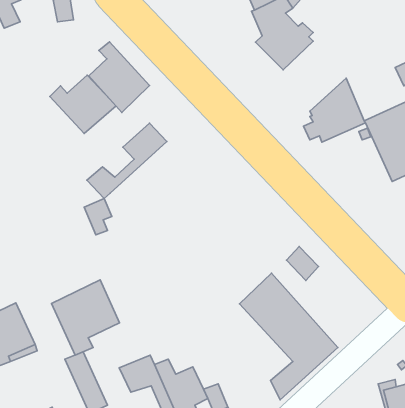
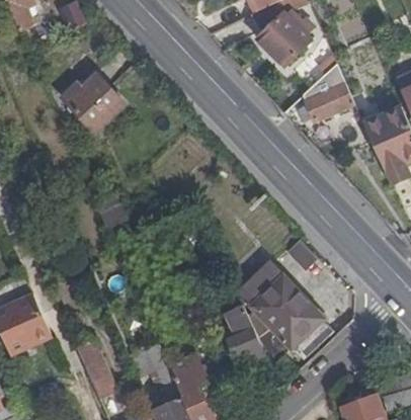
building: [89,42,150,113] -> none
building: [87,123,167,199] -> none
building: [51,280,119,355] -> none
building: none -> [225,302,272,377]

